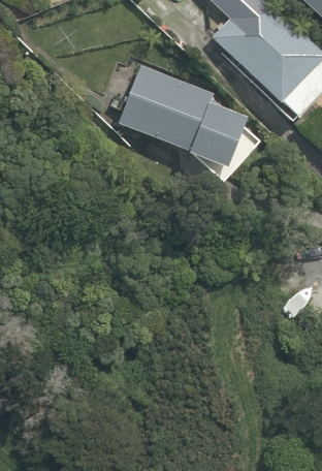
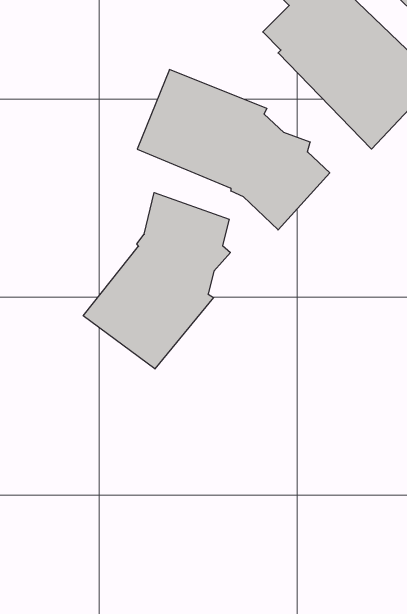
building: none -> [83,193,230,369]

